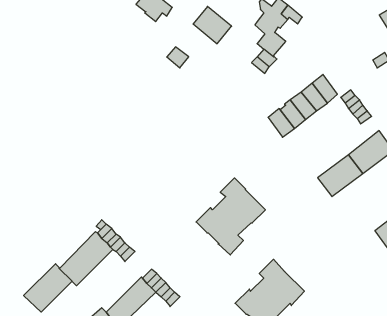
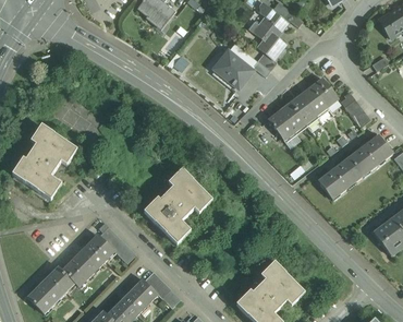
building: [193,6,232,44] -> [213,50,252,87]
building: none -> [11,124,76,200]
building: [196,178,265,255] -> [143,168,211,245]

